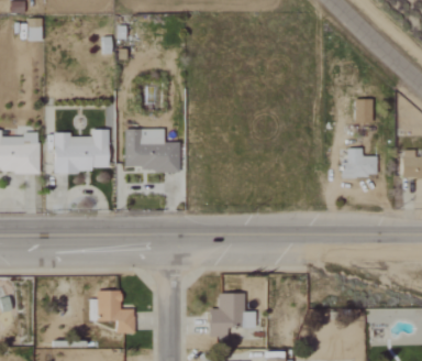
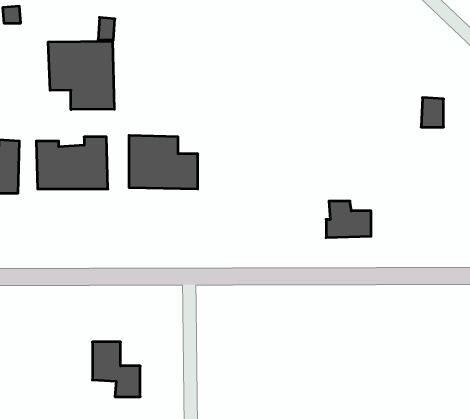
building: none -> [48,41,114,110]
building: [343,147,378,176] -> [326,201,371,238]
building: [208,293,256,336] -> none

